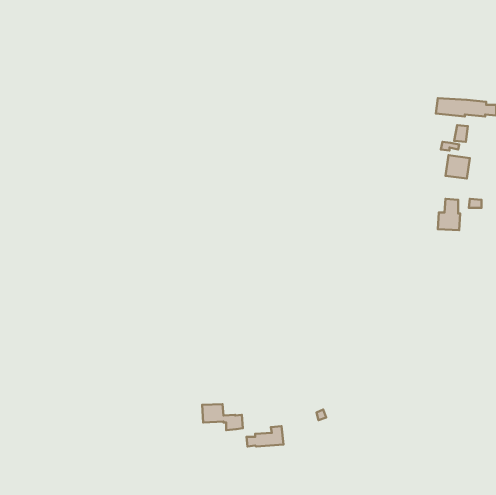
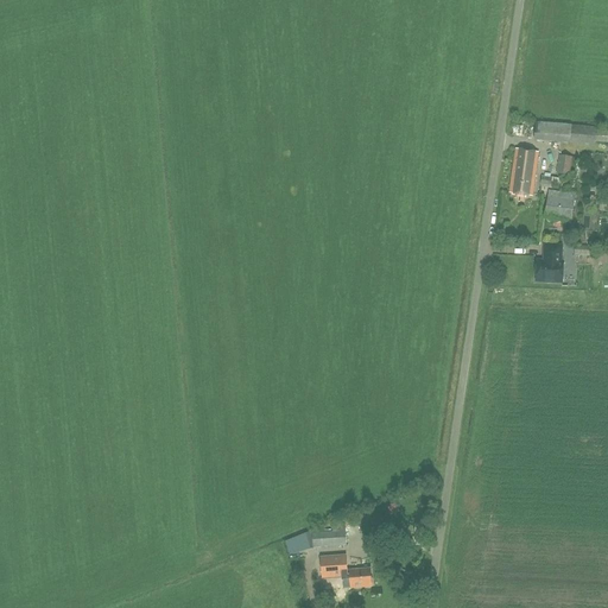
building: none -> [509,147,538,195]
building: [202,404,243,430] -> [321,555,370,587]

